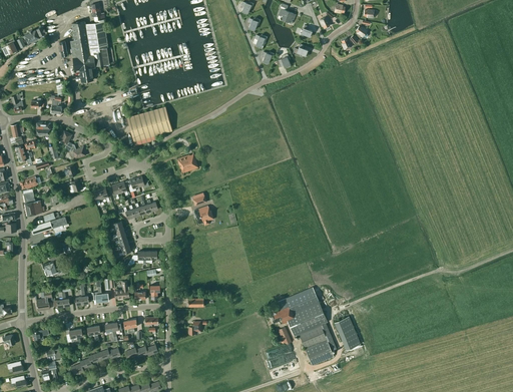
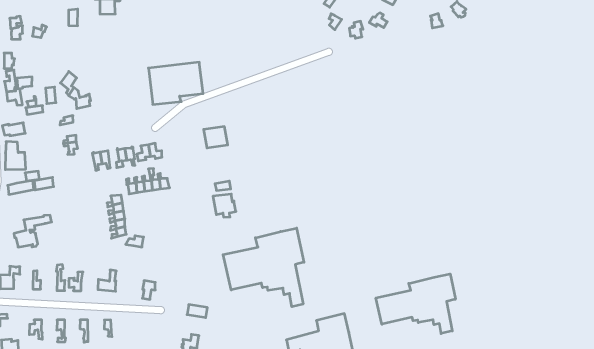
building: none -> [223,228,304,307]
building: none -> [376,274,455,334]

